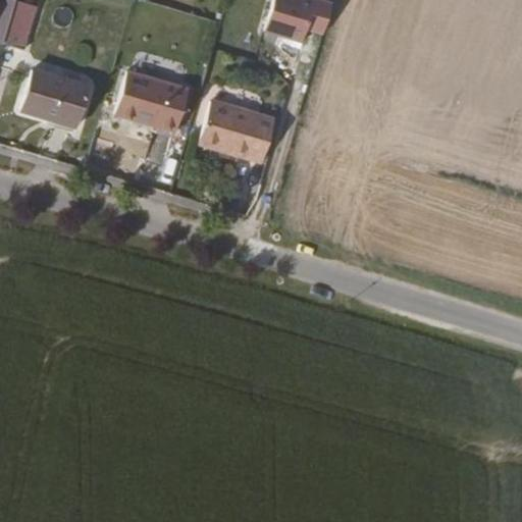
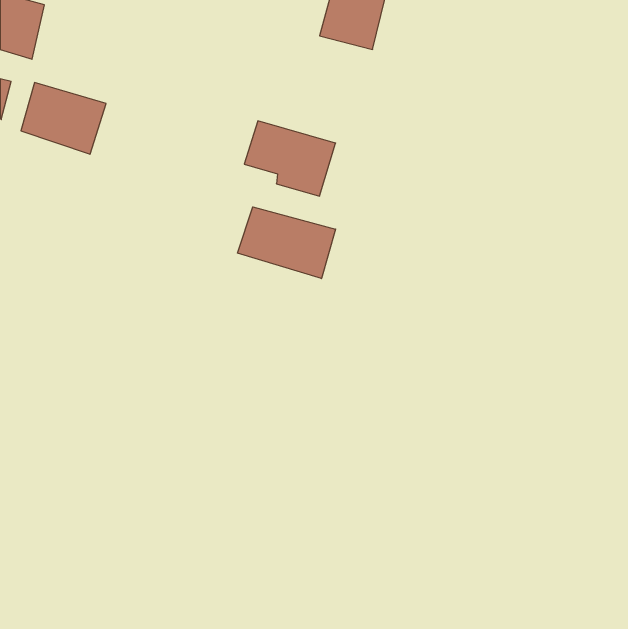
building: [114,70,188,133] -> none
building: none -> [238,207,336,279]

